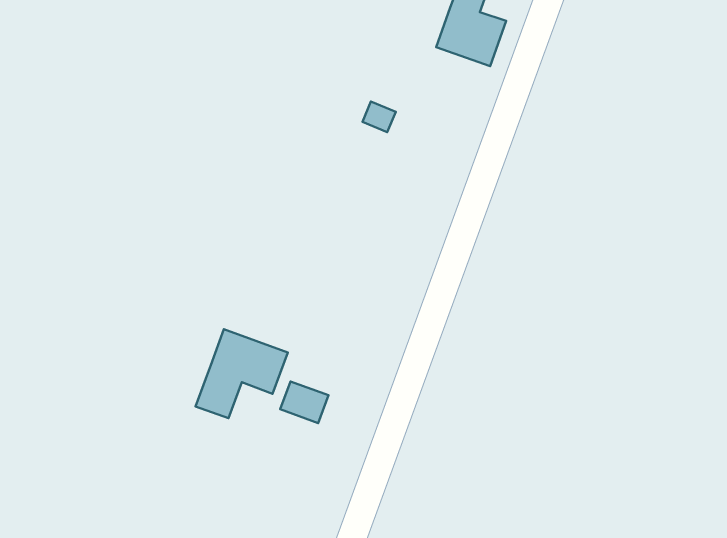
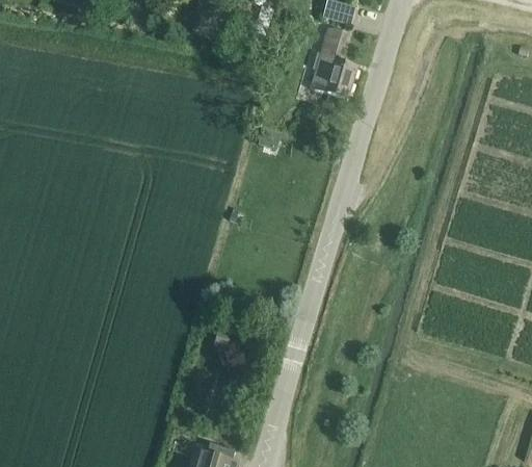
building: [195,329,288,418] -> none

